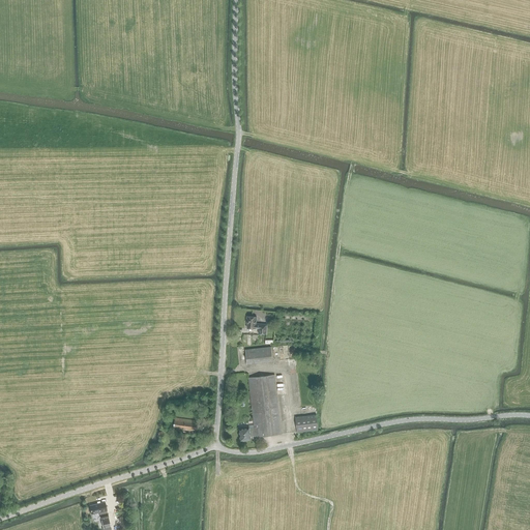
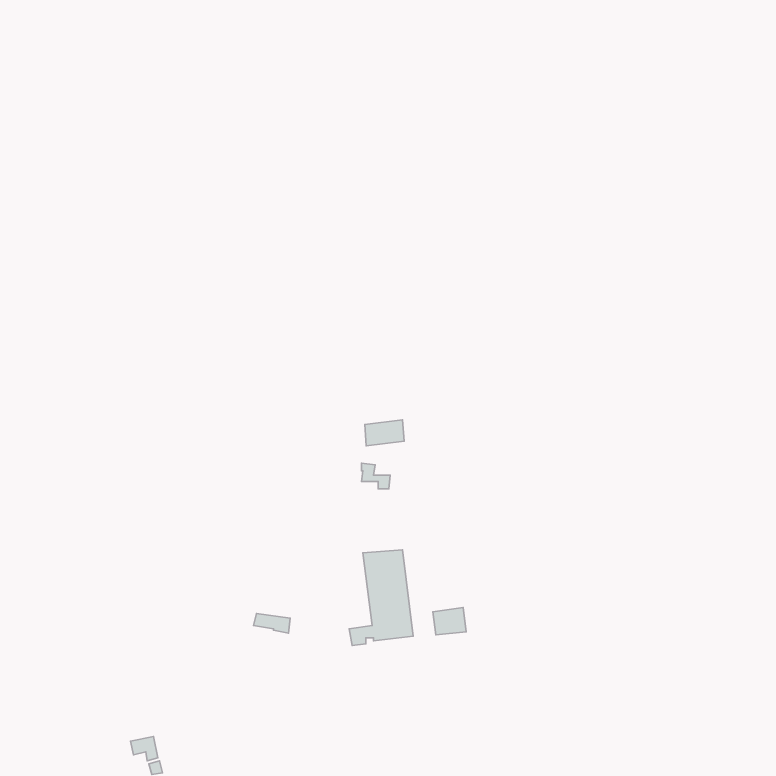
building: [245,347,272,364] -> [365,420,404,446]

